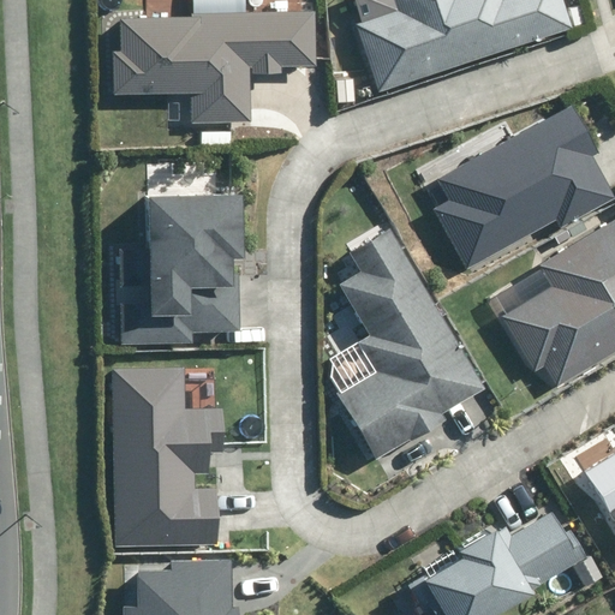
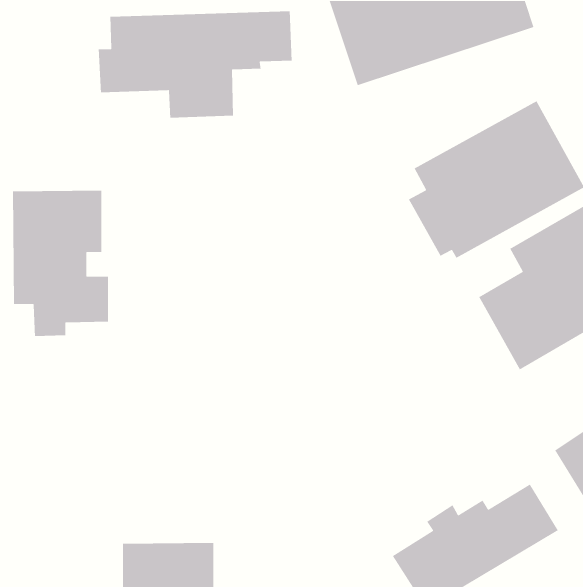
building: [139,190,240,344] -> [12,190,109,337]
building: [335,226,489,458] -> none
building: [118,368,232,542] -> none

